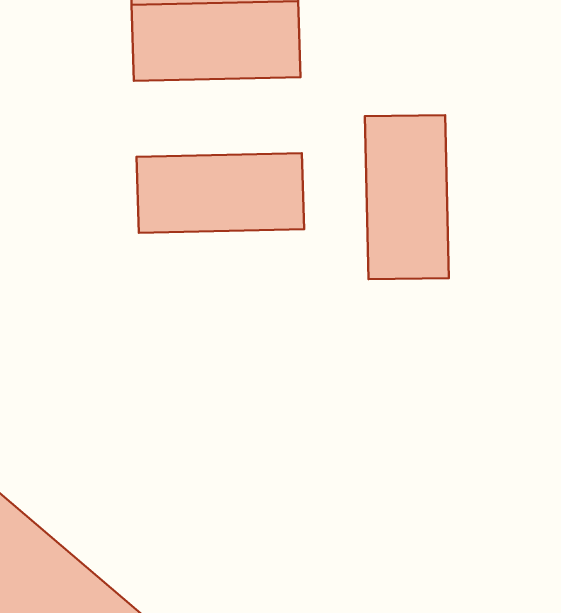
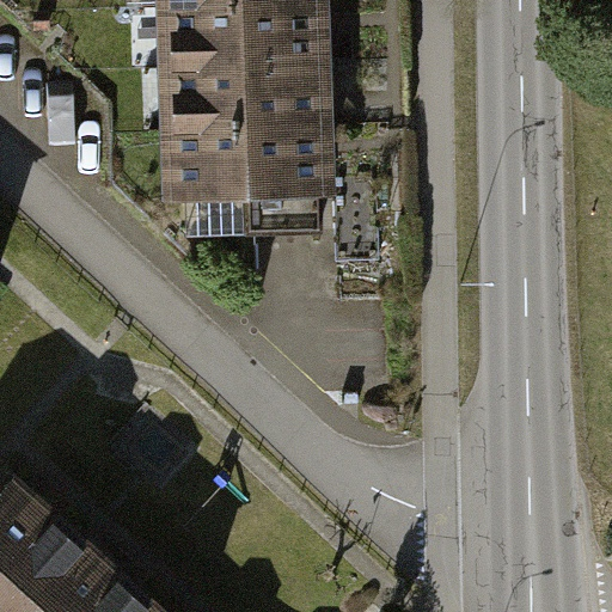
building: none -> [163,82,326,160]
building: [365,115,449,279] -> none

